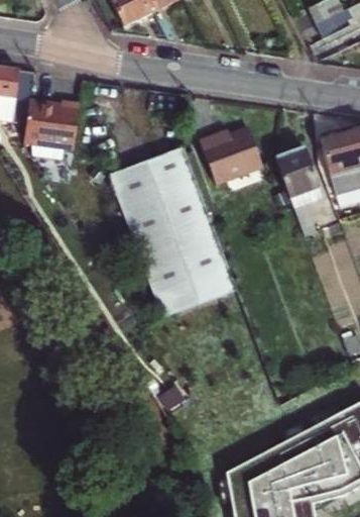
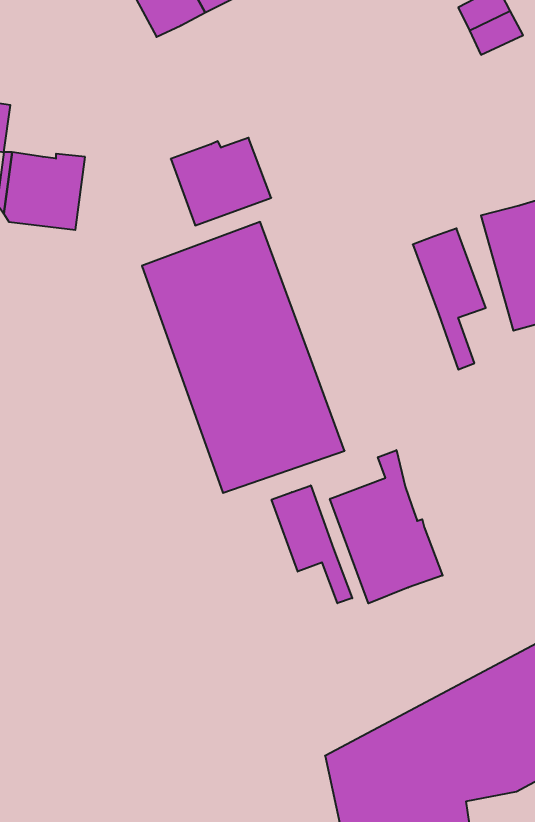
building: [201,128,263,183] -> [171,138,271,225]
building: none -> [330,450,443,603]
building: none -> [272,485,352,603]

